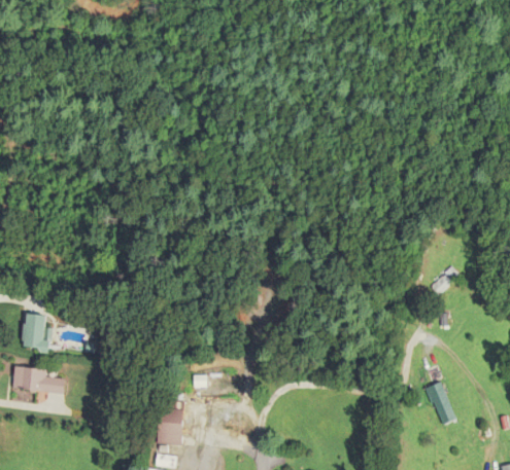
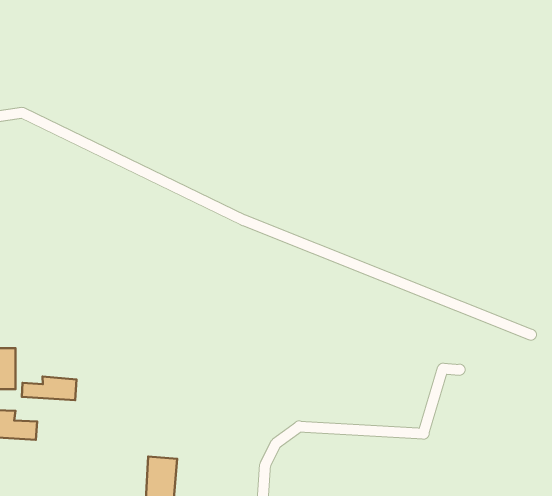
building: none -> [22,377,77,400]
building: [426,382,458,426] -> none

